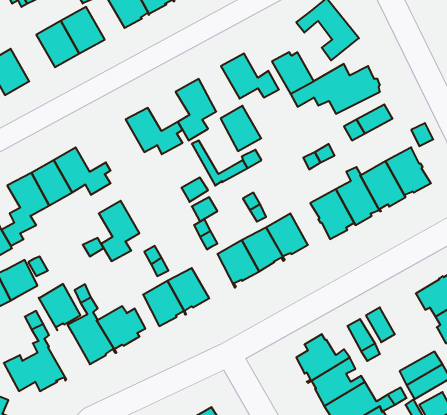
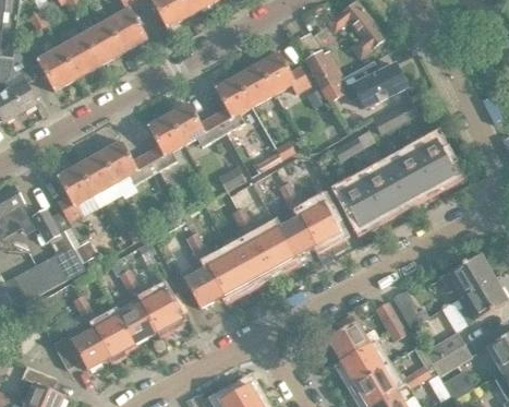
building: none -> [59,34,100,77]
building: [221,106,261,151] -> [235,63,274,106]
building: [99,201,139,261] -> [146,113,184,170]
building: none -> [229,240,269,282]
building: [39,284,80,330] -> [94,314,133,358]

